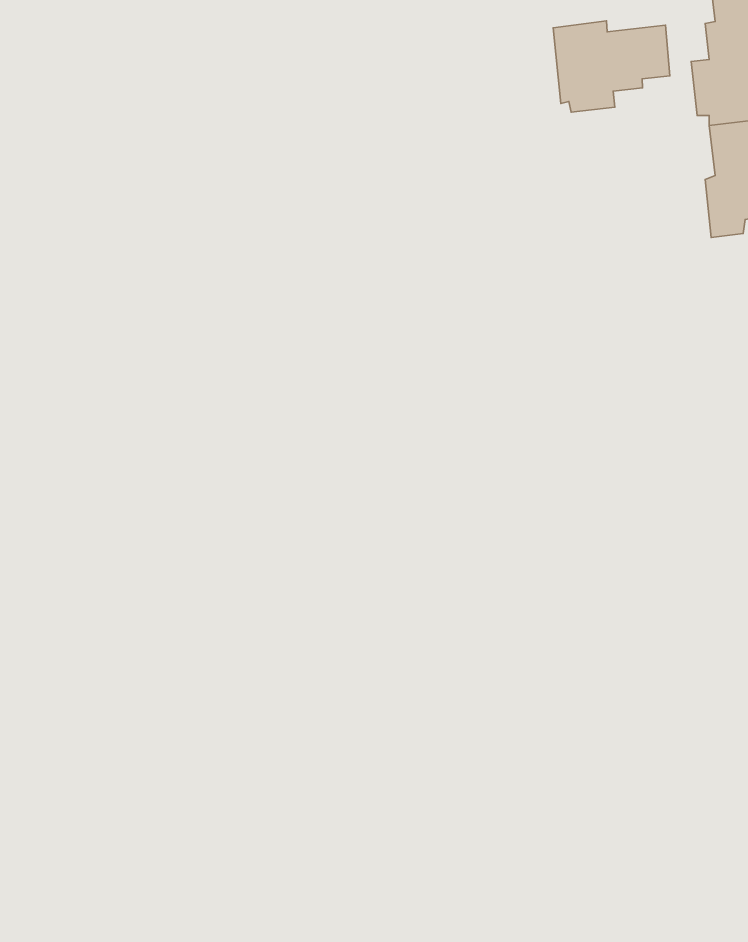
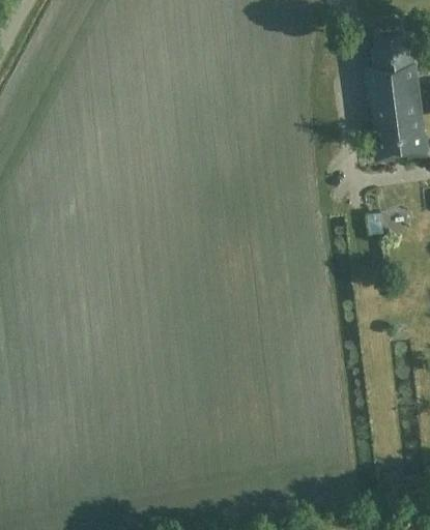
building: [553,21,670,112] -> none

